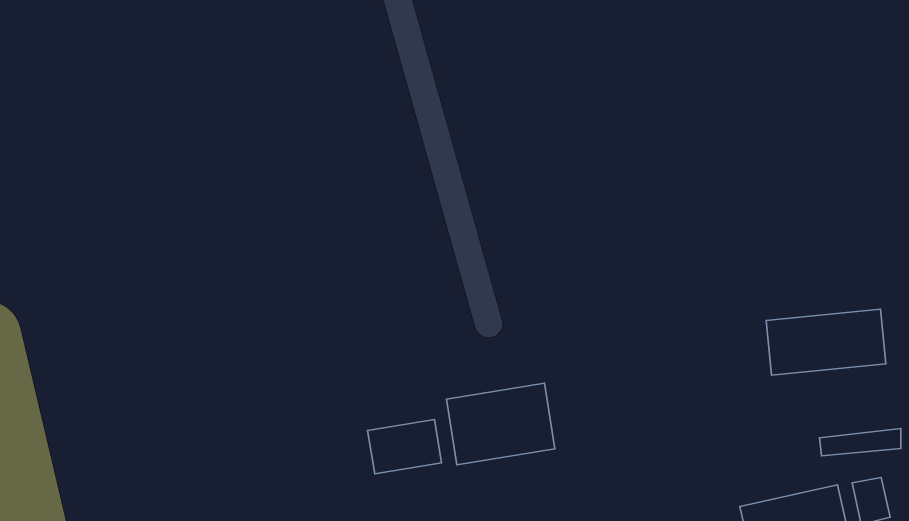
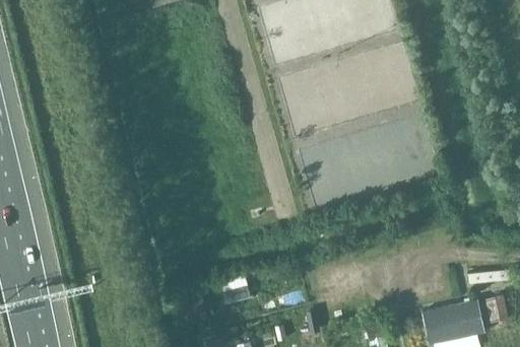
building: [766,309,886,375] -> none
building: [446,383,555,465] -> none

